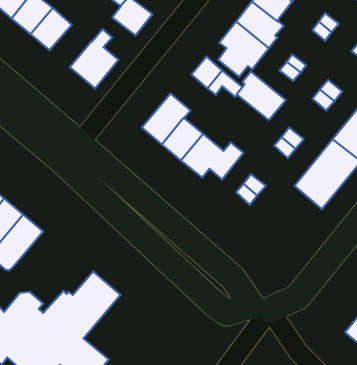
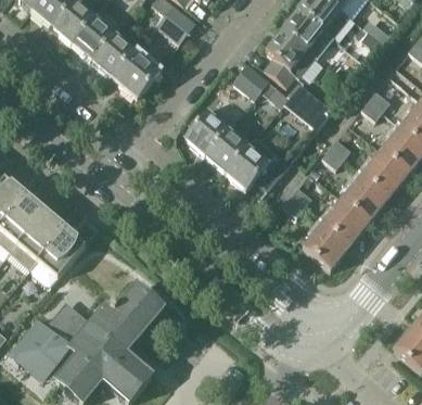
building: none -> [90,33,133,76]
building: none -> [302,198,369,269]

